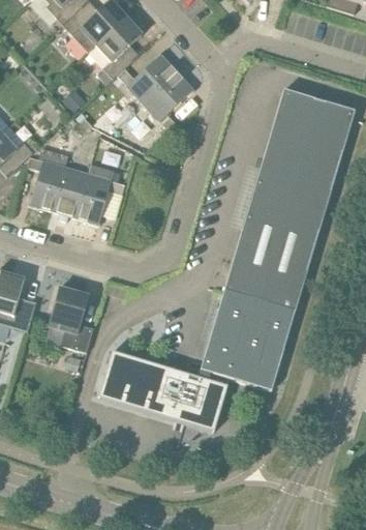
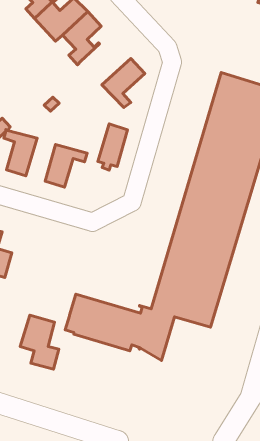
building: [118,55,177,104] -> none
building: [53,167,88,222] -> [98,124,128,170]
building: [48,288,93,352] -> [20,315,59,369]

